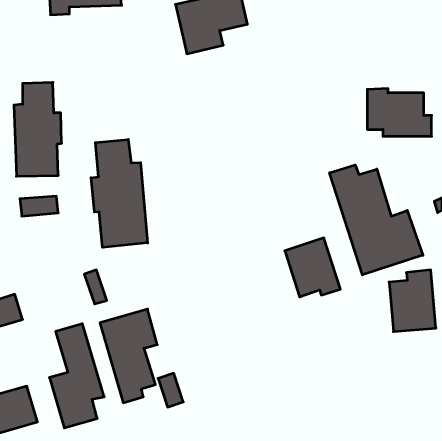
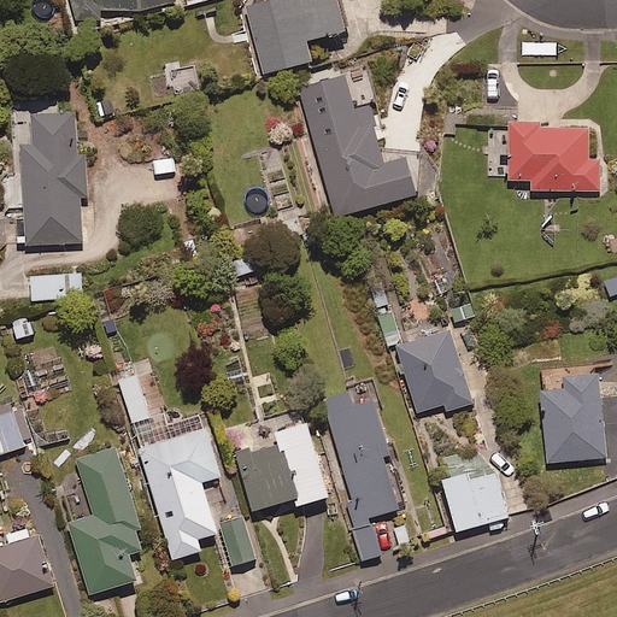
building: none -> [299,64,416,216]
building: [91,139,148,247] -> none
building: [330,165,423,275] -> none
building: none -> [322,386,396,559]
building: none -> [236,409,327,512]
building: none -> [441,474,507,531]

